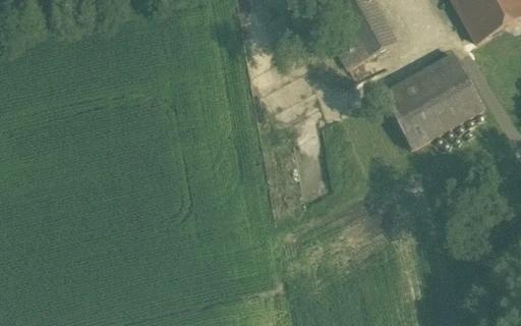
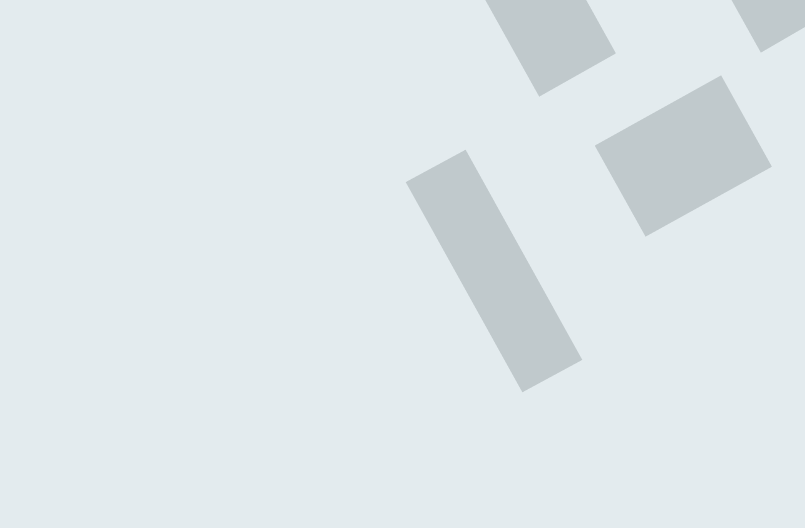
building: none -> [405,149,583,393]

